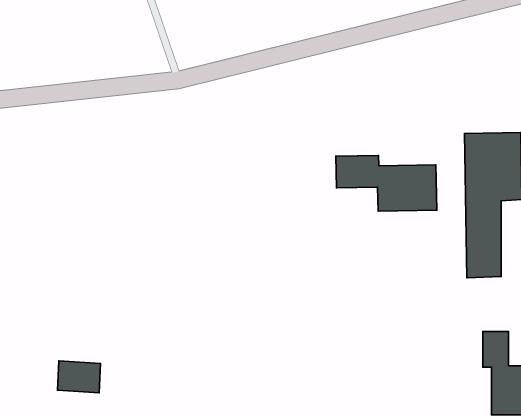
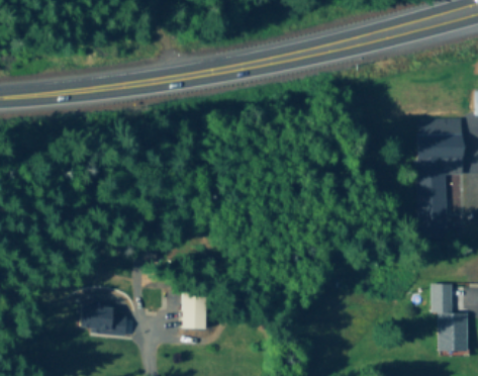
building: [336,155,437,211] -> none
building: none -> [181,293,205,330]

